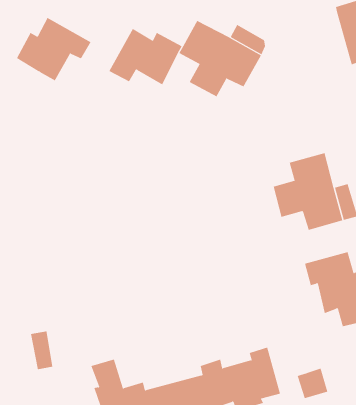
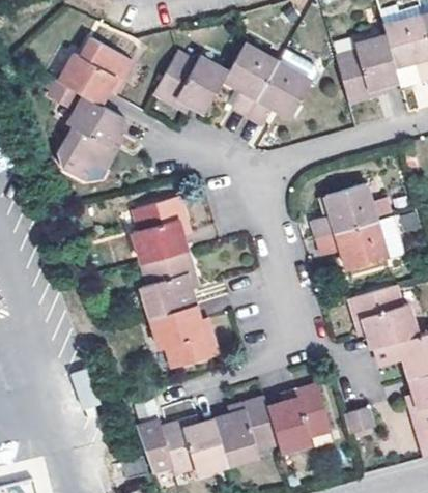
building: none -> [336,37,399,108]
building: none -> [57,99,121,182]
building: none -> [133,197,213,364]

